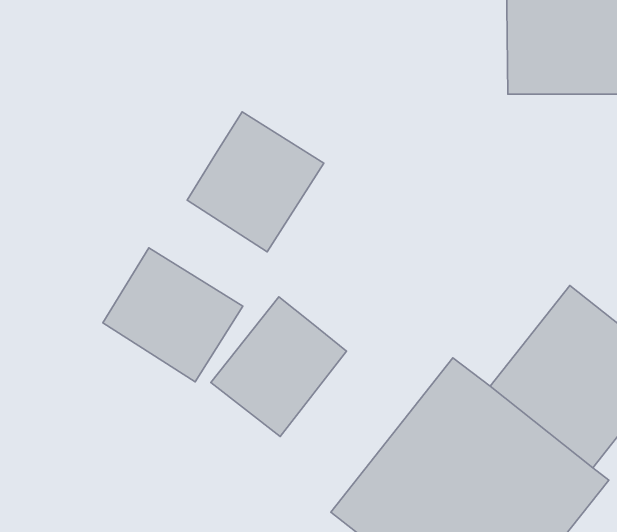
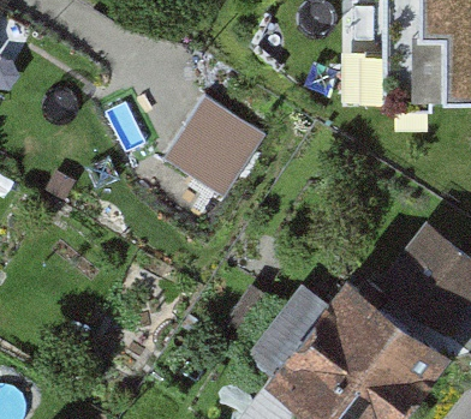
building: [103,248,243,382] -> none
building: [211,297,346,436] -> none

